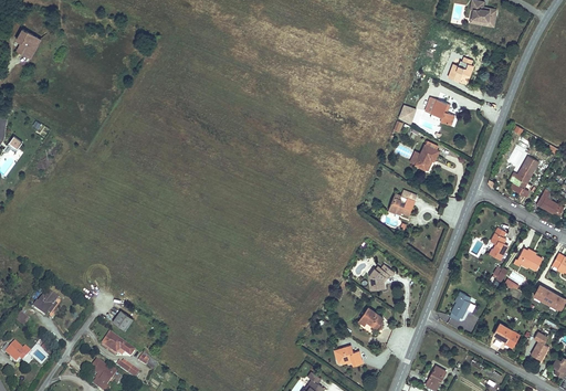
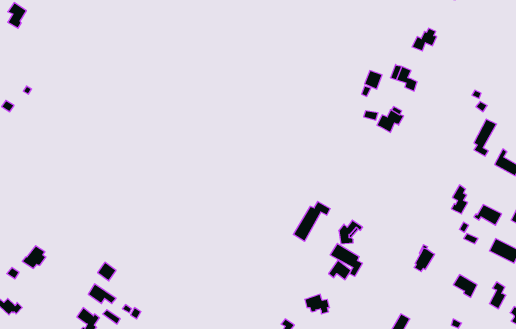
building: [387,190,416,215] -> none
building: none -> [293,201,330,241]
building: none -> [330,243,362,276]

